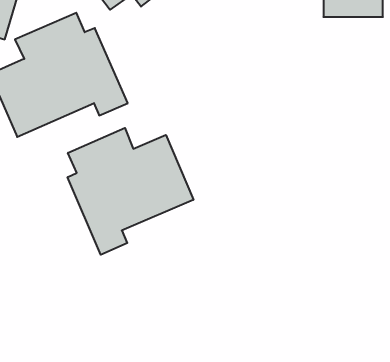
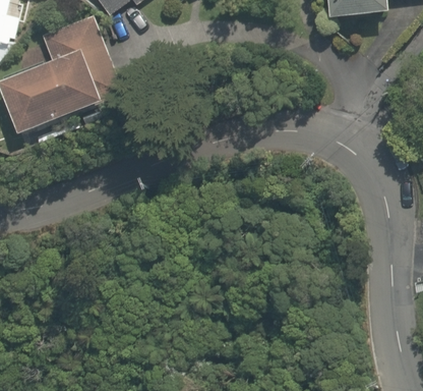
building: [68,128,193,255] -> none

